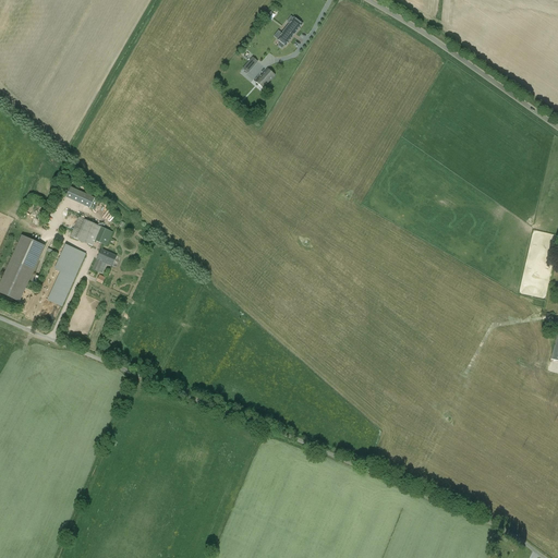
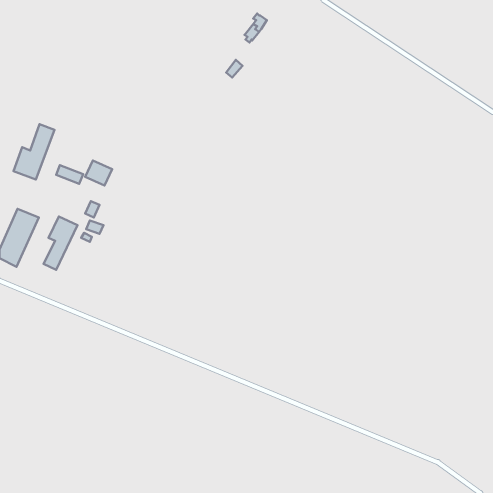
building: none -> [14,124,54,180]
building: [70,216,100,244] -> [85,161,112,186]

